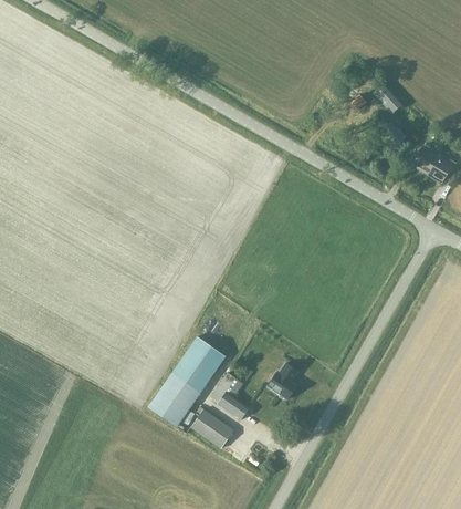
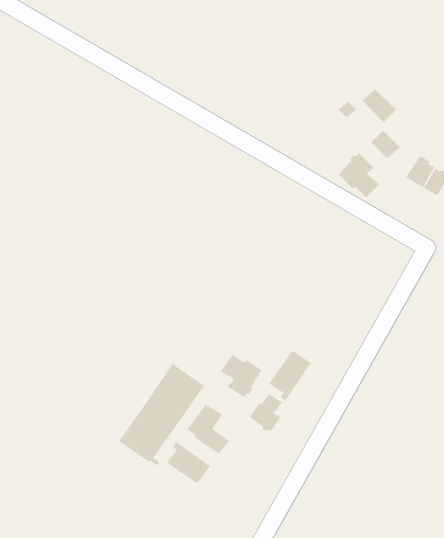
building: none -> [338,152,380,198]
building: none -> [268,350,311,402]
building: none -> [220,354,262,398]

